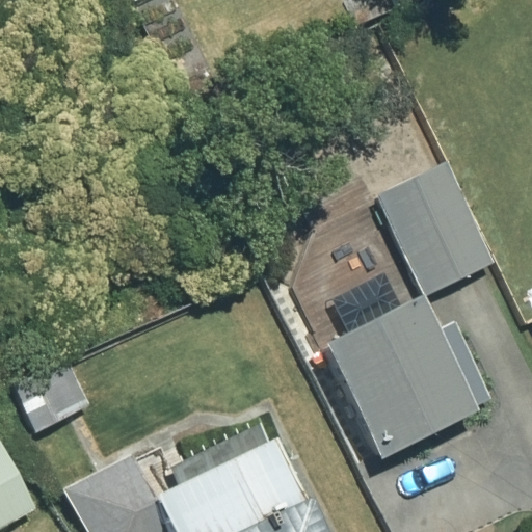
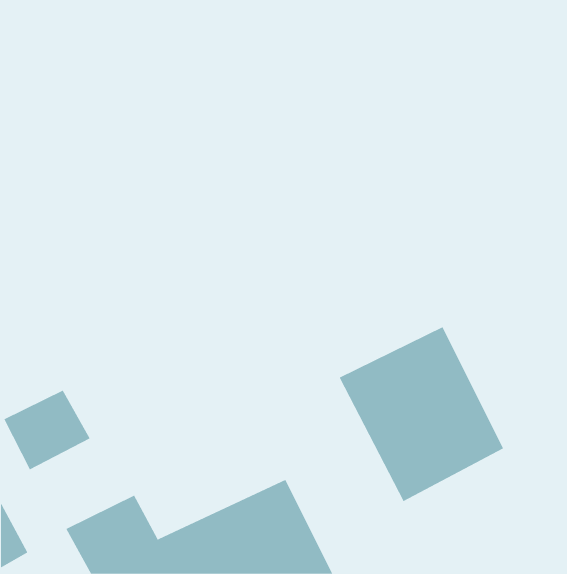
building: [379,163,494,295] -> none

